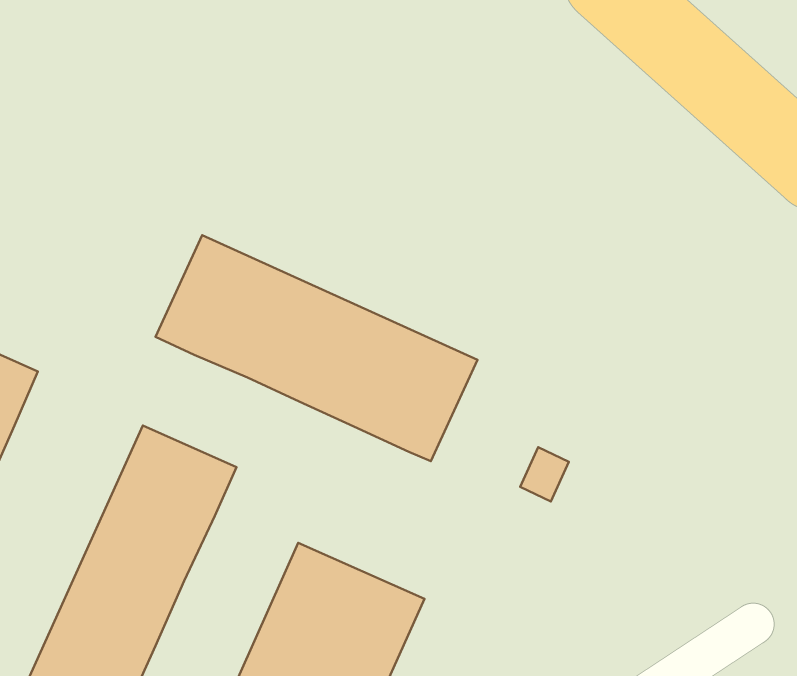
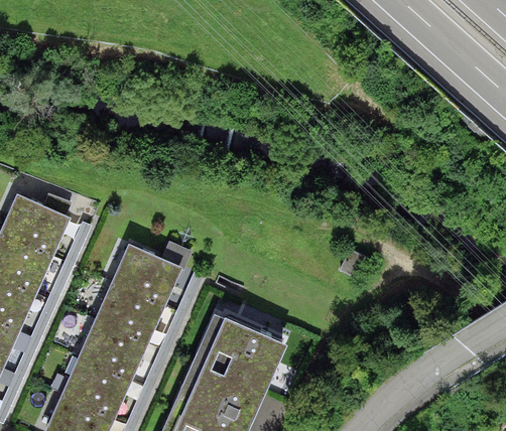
building: [155,235,477,461] -> none

